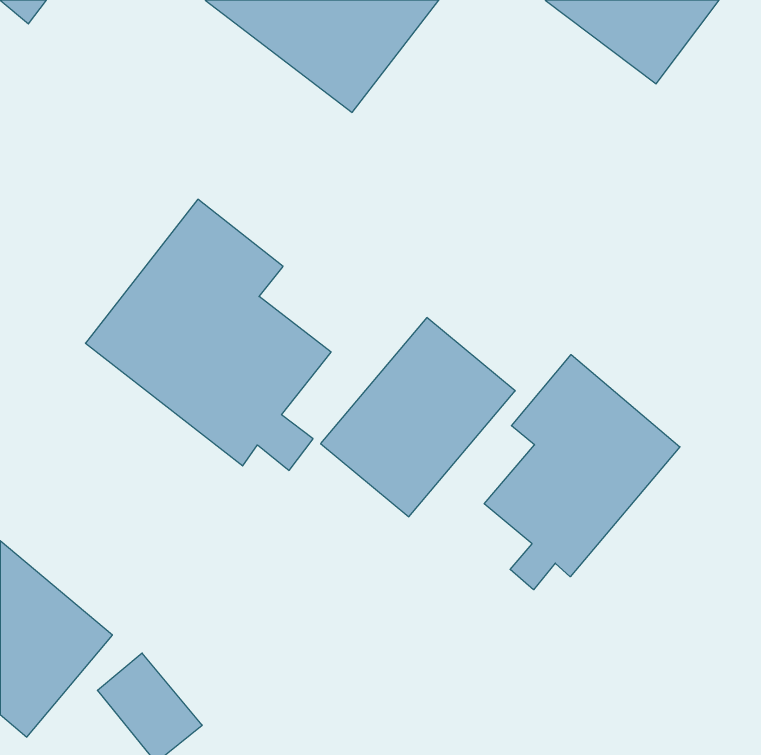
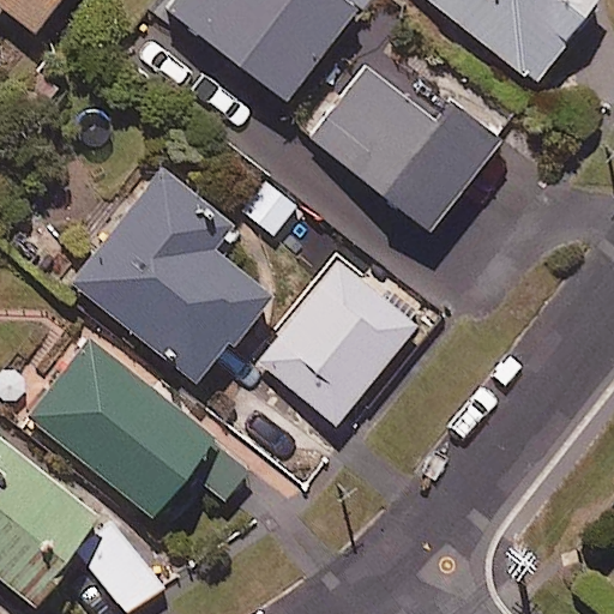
building: none -> [308,38,505,230]
building: [484,355,680,590] -> none
building: none -> [26,341,248,519]

